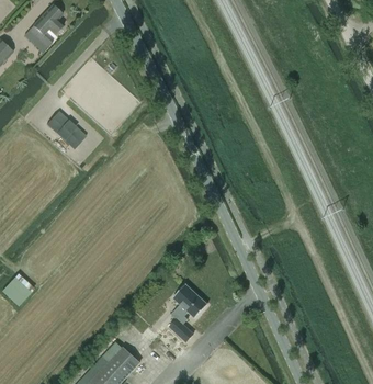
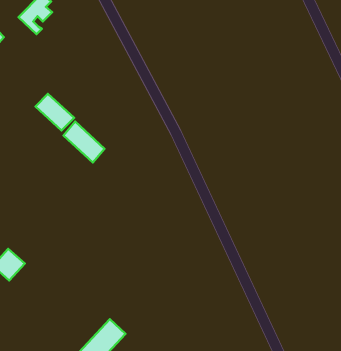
building: none -> [64,122,105,163]
building: [170,283,206,341] -> none

